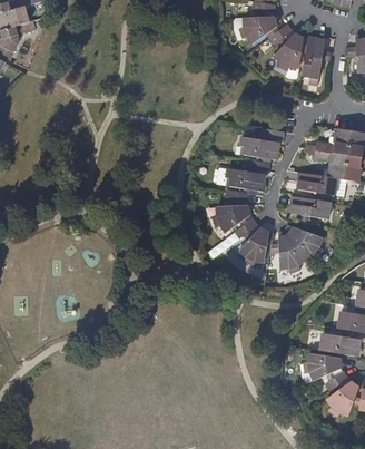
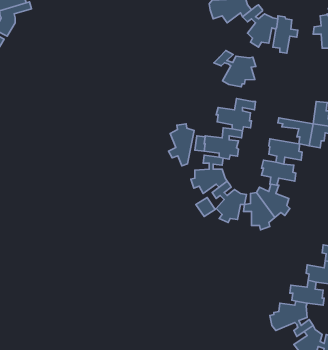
building: none -> [214,51,256,87]
building: [309,128,351,155] -> none
building: none -> [168,124,194,166]

